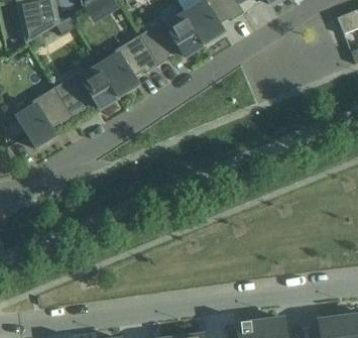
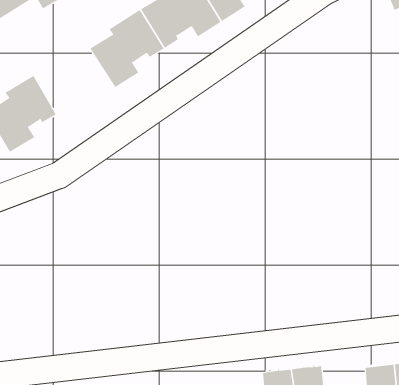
building: [55,65,120,117] -> none

